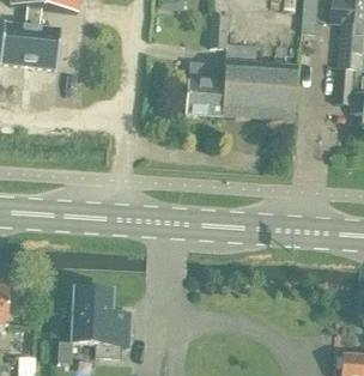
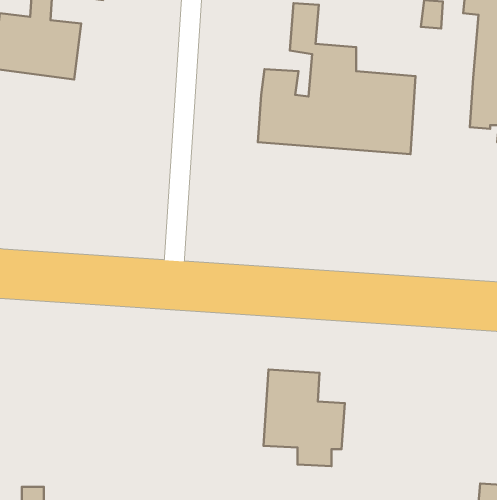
building: [71,287,128,356] -> [263,369,345,466]

